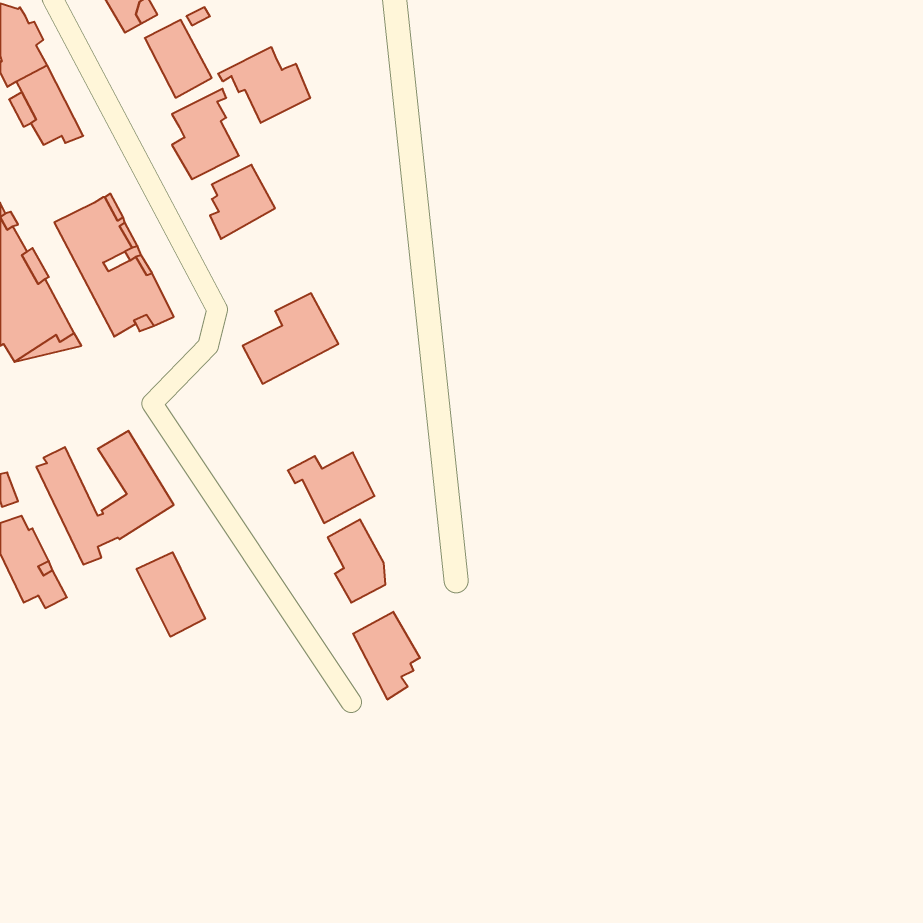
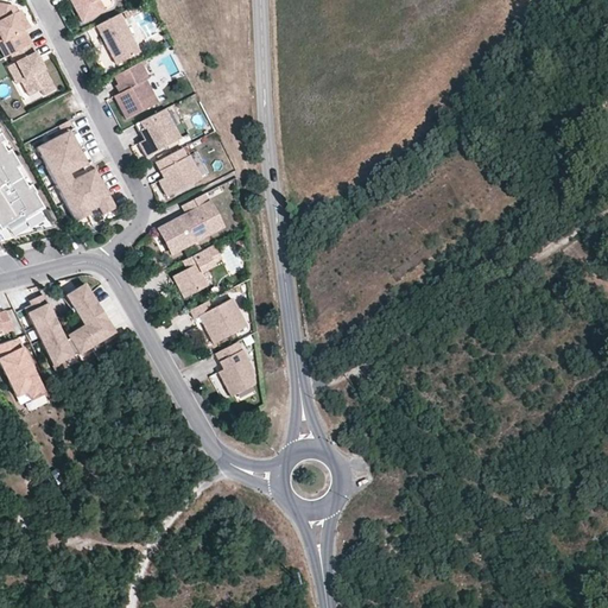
building: [218,47,310,123] -> none
building: none -> [156,147,202,196]
building: none -> [173,243,222,297]
building: [137,552,205,637] -> none
building: [353,612,420,700] -> none

